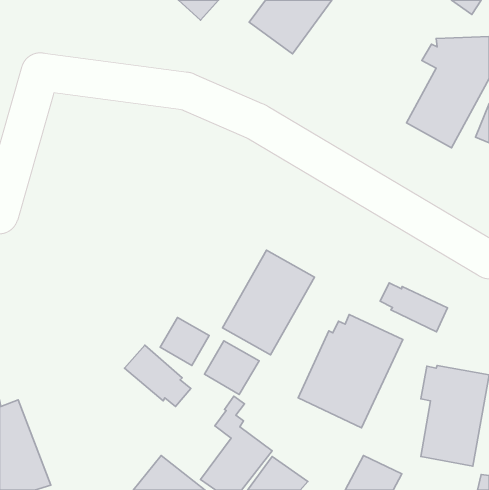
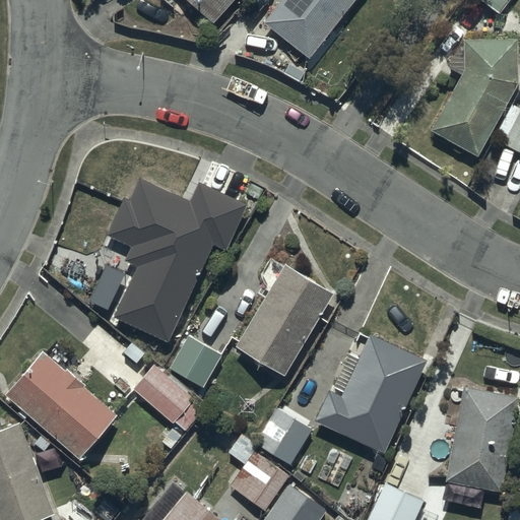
building: none -> [109,180,249,346]
building: [380,283,448,332] -> none
building: none -> [4,352,115,460]
building: [205,341,259,394] -> [255,406,313,463]

